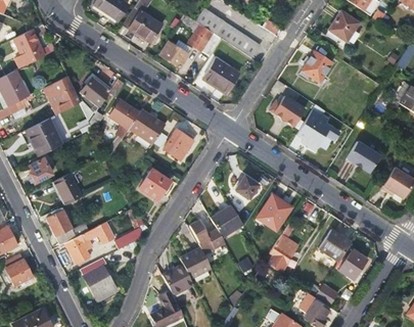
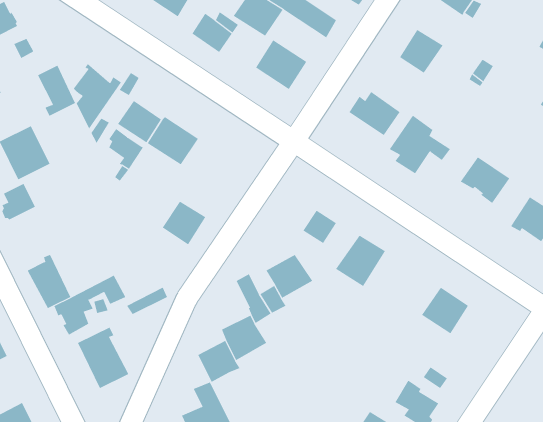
building: [162,134,191,165] -> none
building: [53,174,81,205] -> none
building: [269,224,300,273] -> none
building: [339,249,367,279] -> none

